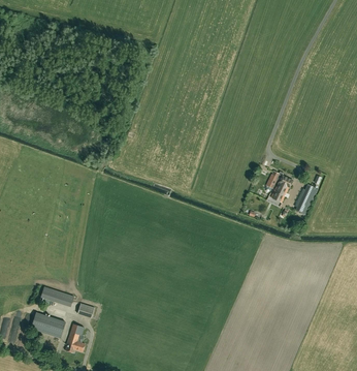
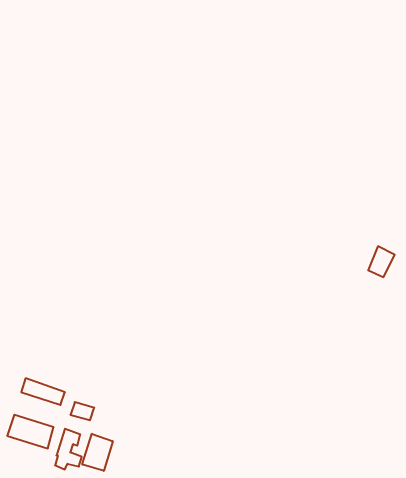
building: [265,172,293,203] -> none
building: none -> [82,434,113,471]

